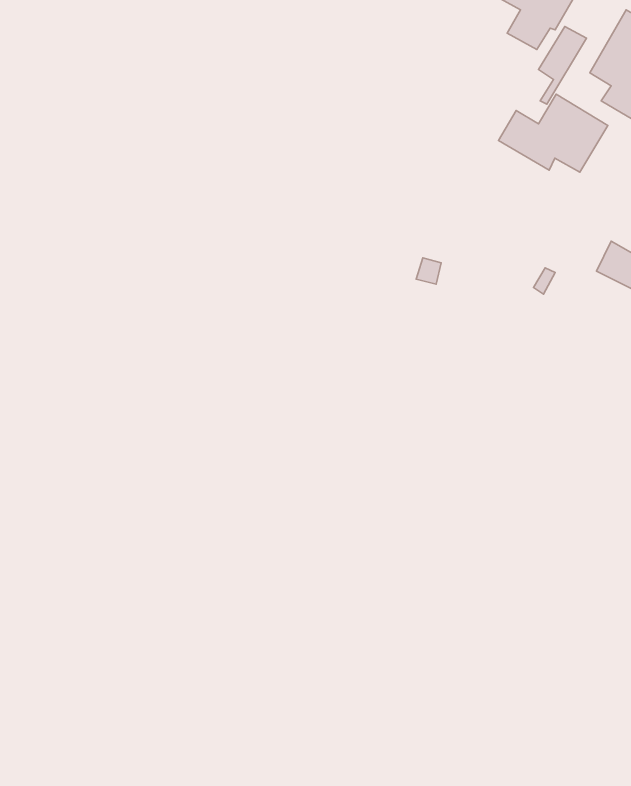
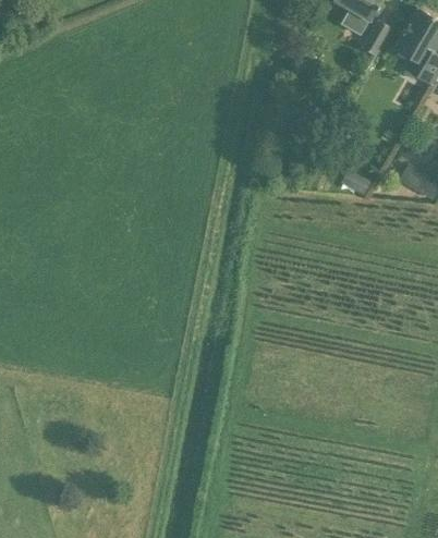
building: [499,94,608,172] -> none

